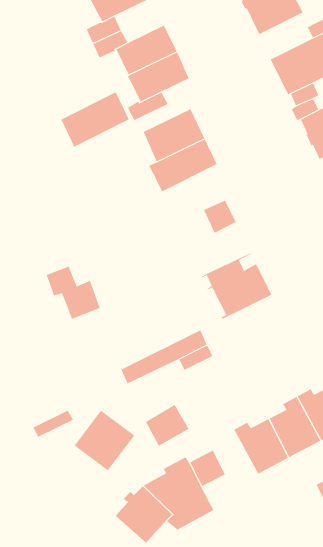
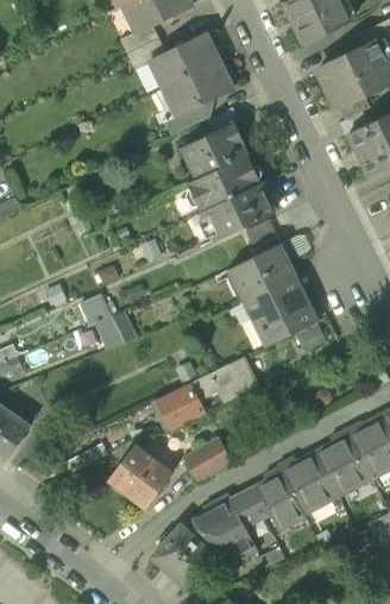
building: [61,92,130,147] -> [202,182,276,241]
building: none -> [234,244,297,298]
building: none -> [257,466,306,528]

